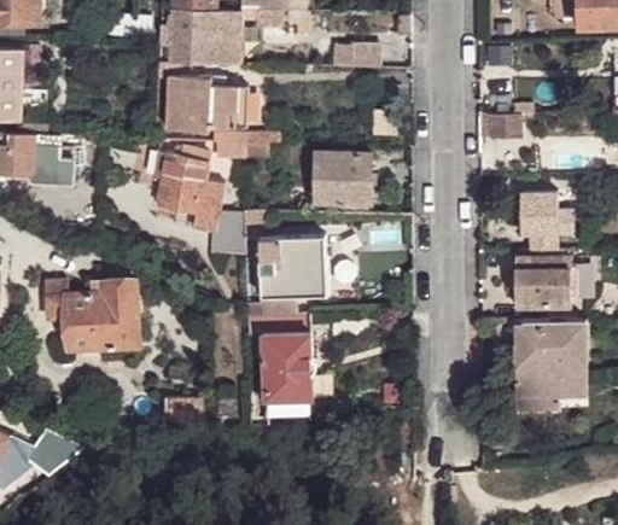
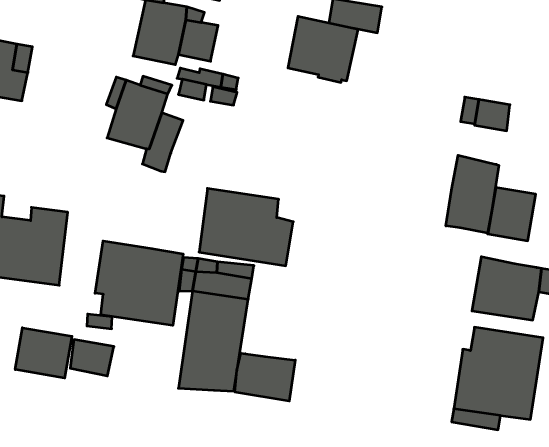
building: [314,153,372,206] -> [288,16,358,82]
building: none -> [446,155,499,233]
building: [210,210,244,255] -> none
building: none -> [95,241,183,325]
building: none -> [235,353,295,401]
building: none -> [15,328,72,378]

